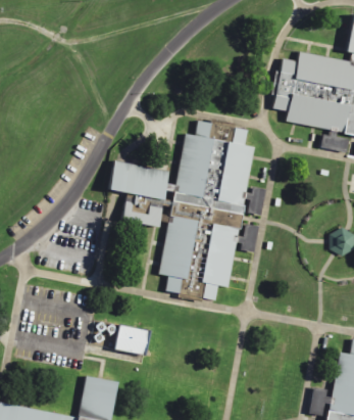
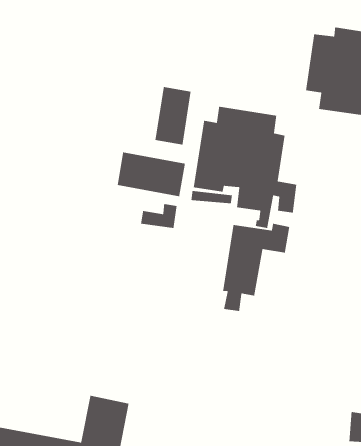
building: none -> [155,86,192,145]
building: [160,218,196,293] -> none
building: [116,324,152,355] -> none

